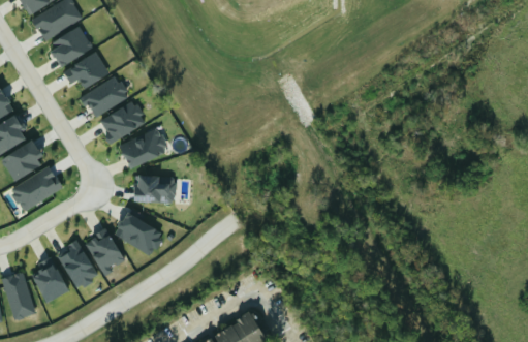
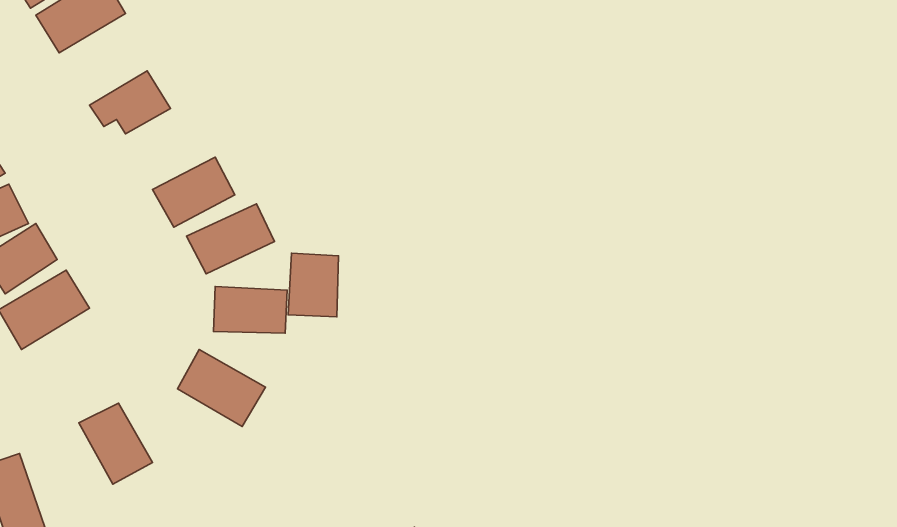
building: [48,27,91,65] -> none
building: [79,75,129,117] -> none
building: none -> [288,253,338,317]
building: [85,227,124,275] -> none
building: [32,259,67,303] -> none

